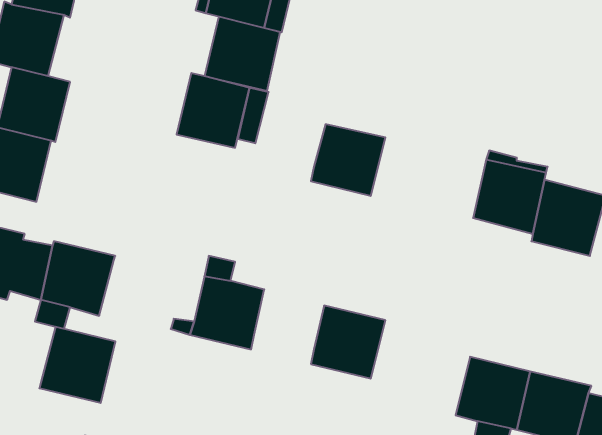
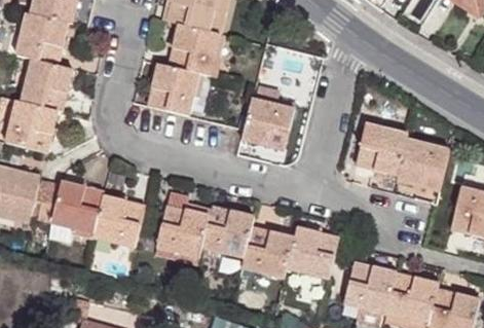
building: none -> [201,206,254,257]
building: none -> [286,225,338,279]
building: [39,327,115,403] -> [91,194,145,248]

